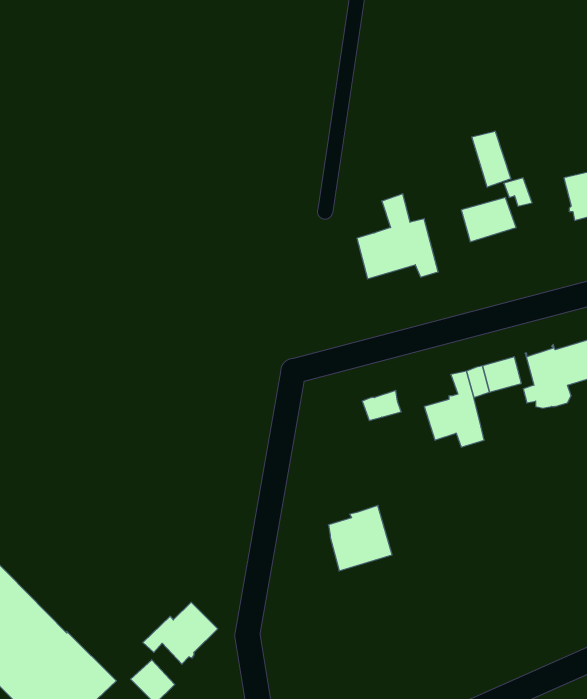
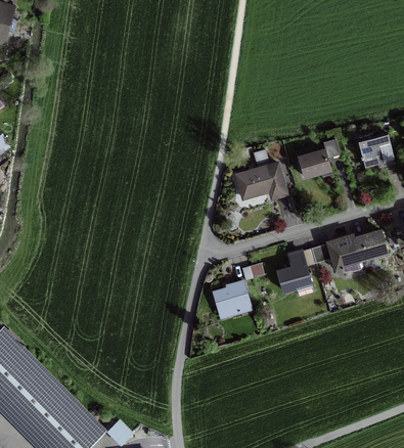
building: [472,131,511,187] -> none
building: [328,505,392,571] -> [214,280,251,318]
building: [143,602,218,664] -> none

